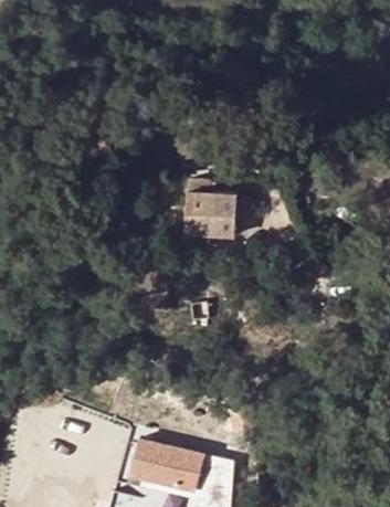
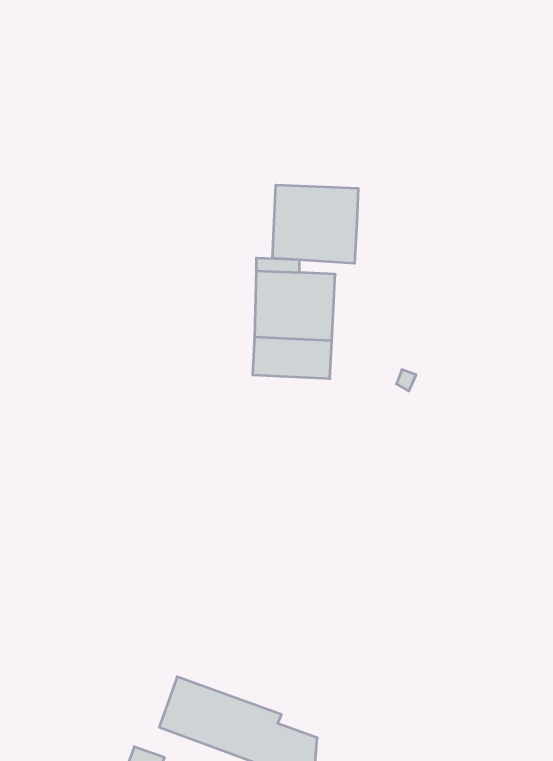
building: none -> [273,185,358,263]

